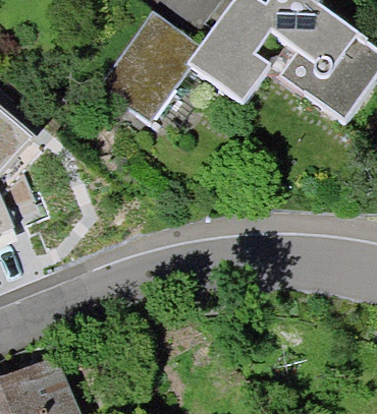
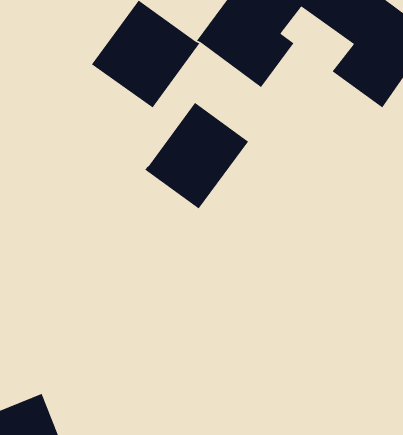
building: none -> [144,102,249,210]

